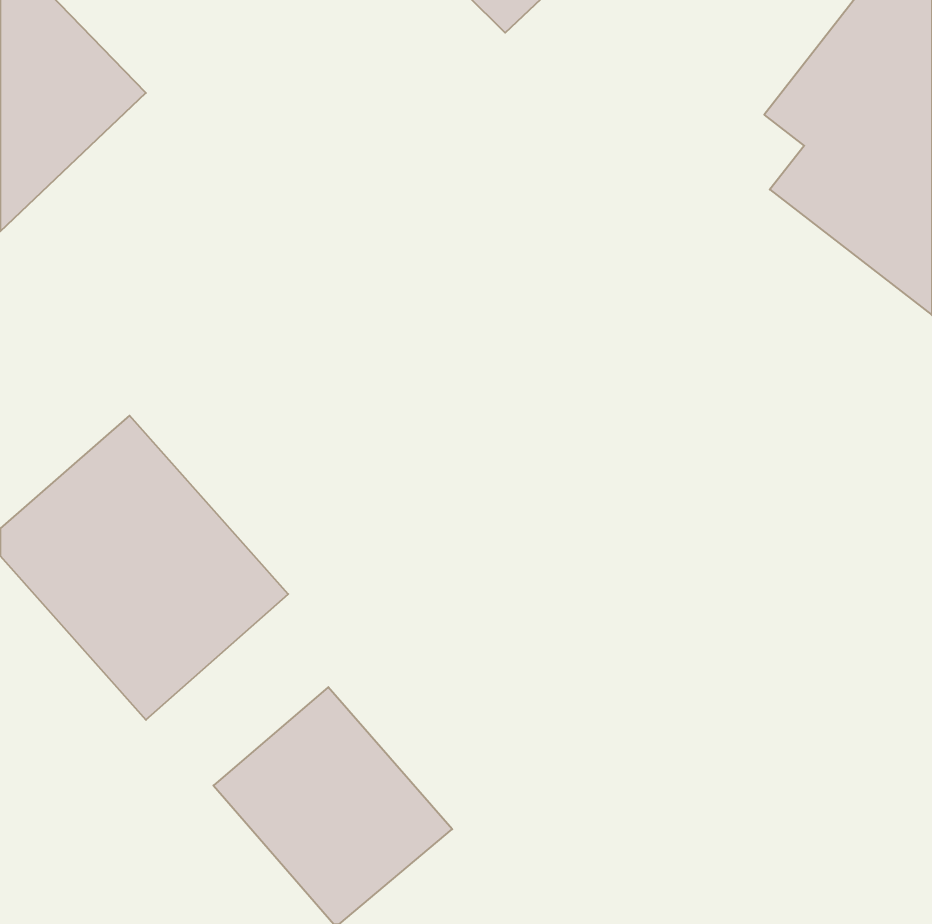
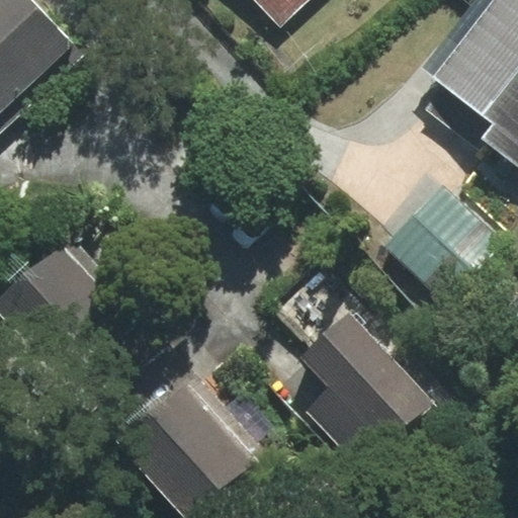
building: none -> [388,184,513,307]
building: none -> [303,311,430,464]

